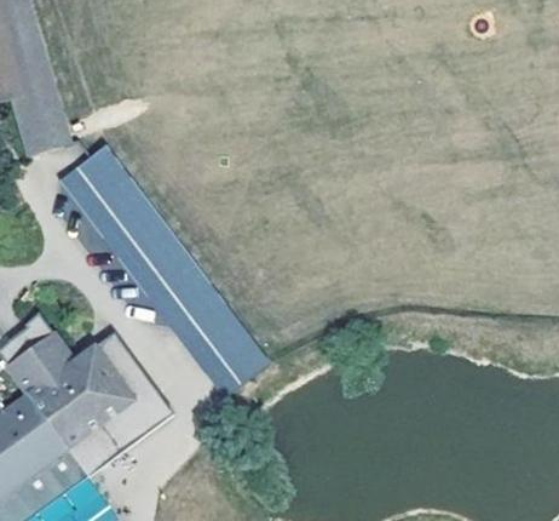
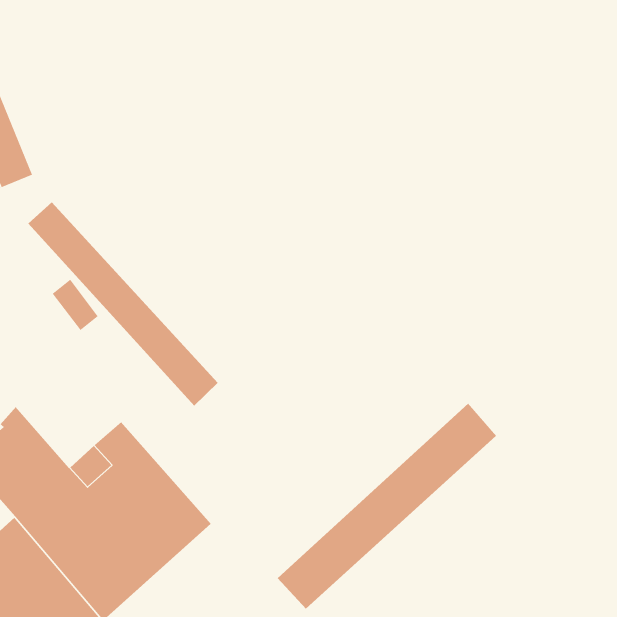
building: [77,144,266,394] -> none
building: none -> [277,403,497,609]

